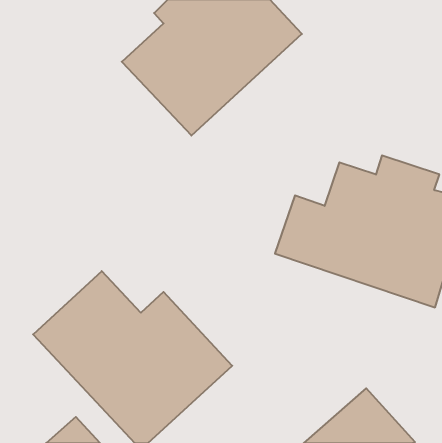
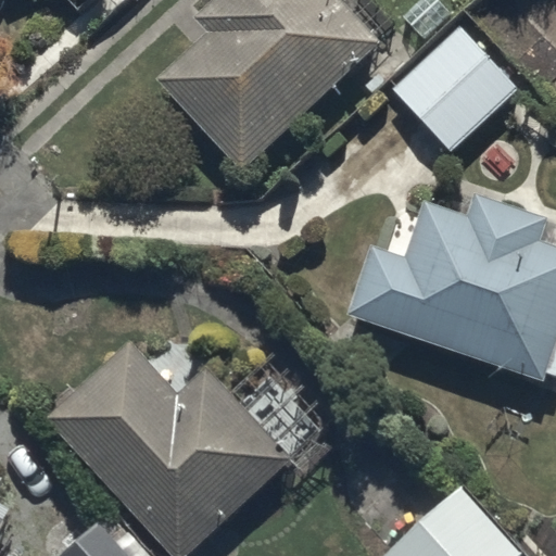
building: none -> [393,25,519,149]

